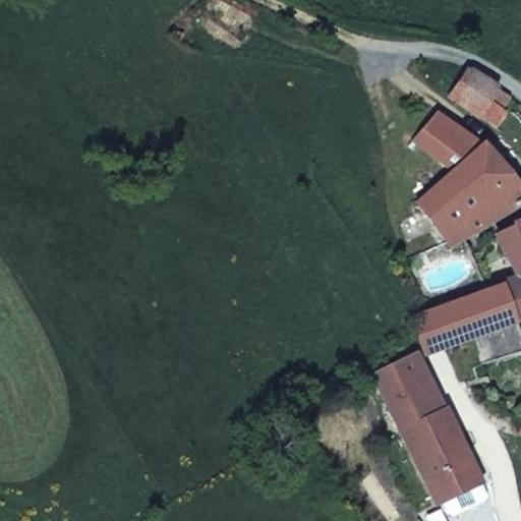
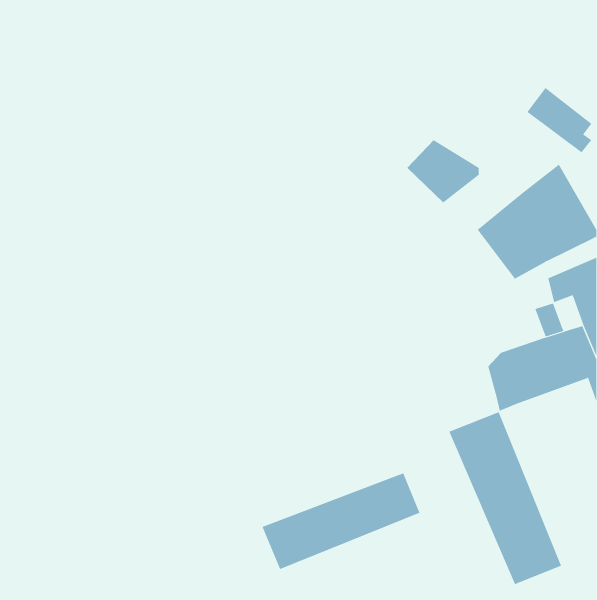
building: [420,113,483,168] -> [407,140,480,203]
building: none -> [262,473,420,570]

